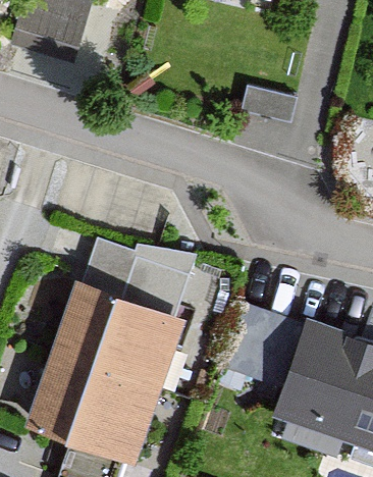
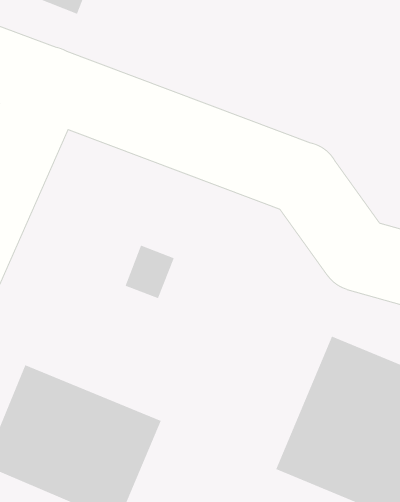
building: [51,269,191,383] -> none

